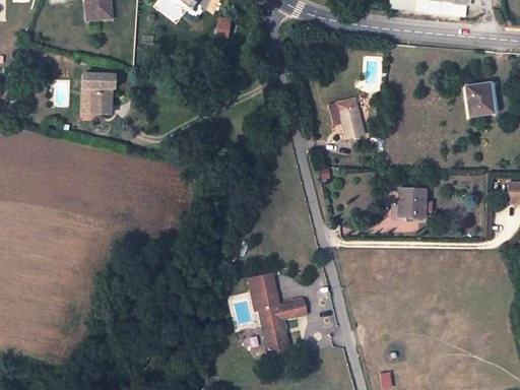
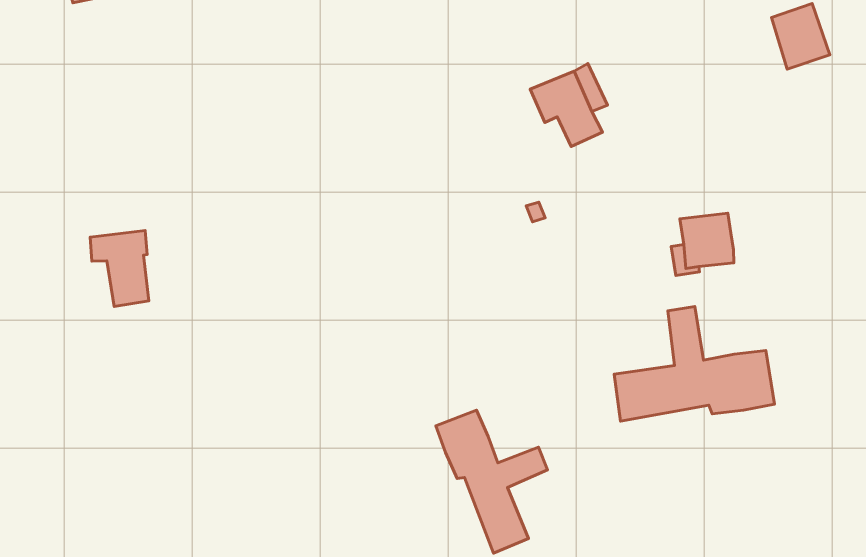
building: [83,74,115,114] -> [90,230,149,306]
building: none -> [614,307,774,421]

